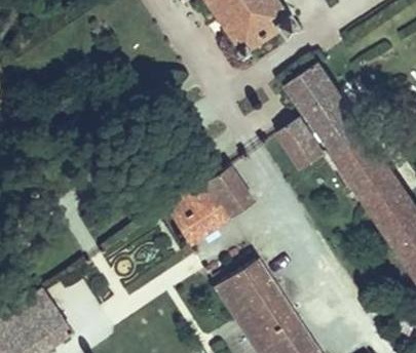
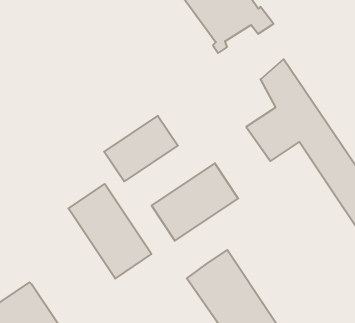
building: none -> [104,116,178,181]
building: none -> [68,184,151,279]

